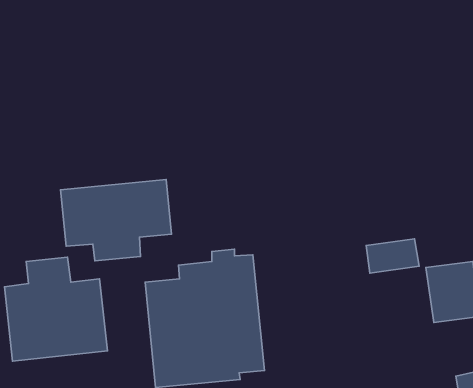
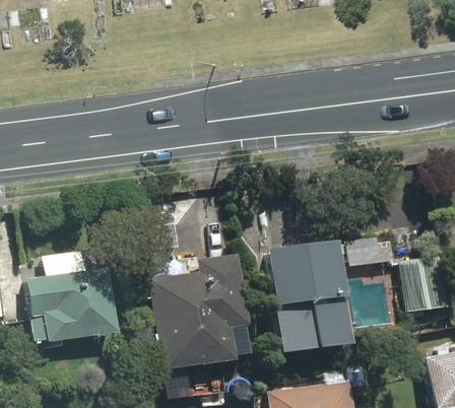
building: [60,180,171,261] -> none
building: none -> [267,240,351,353]

